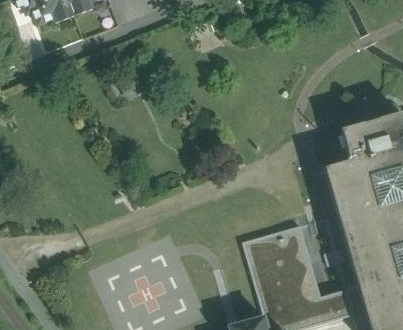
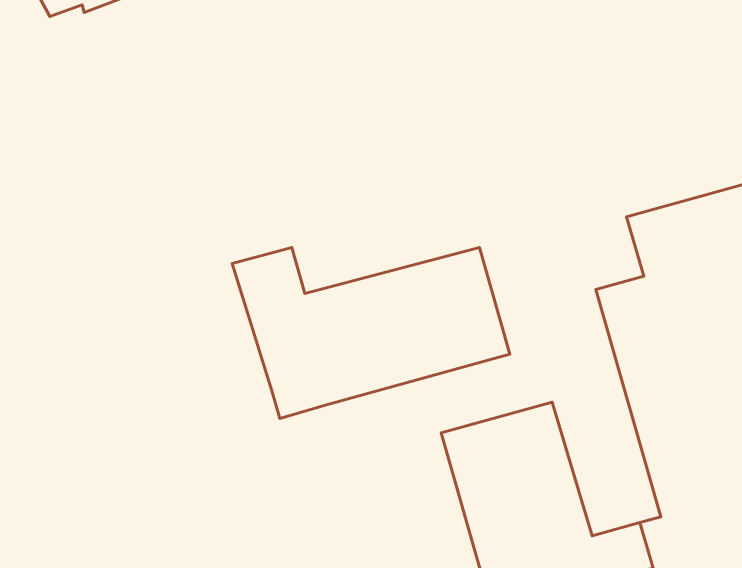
building: none -> [232,247,510,418]

